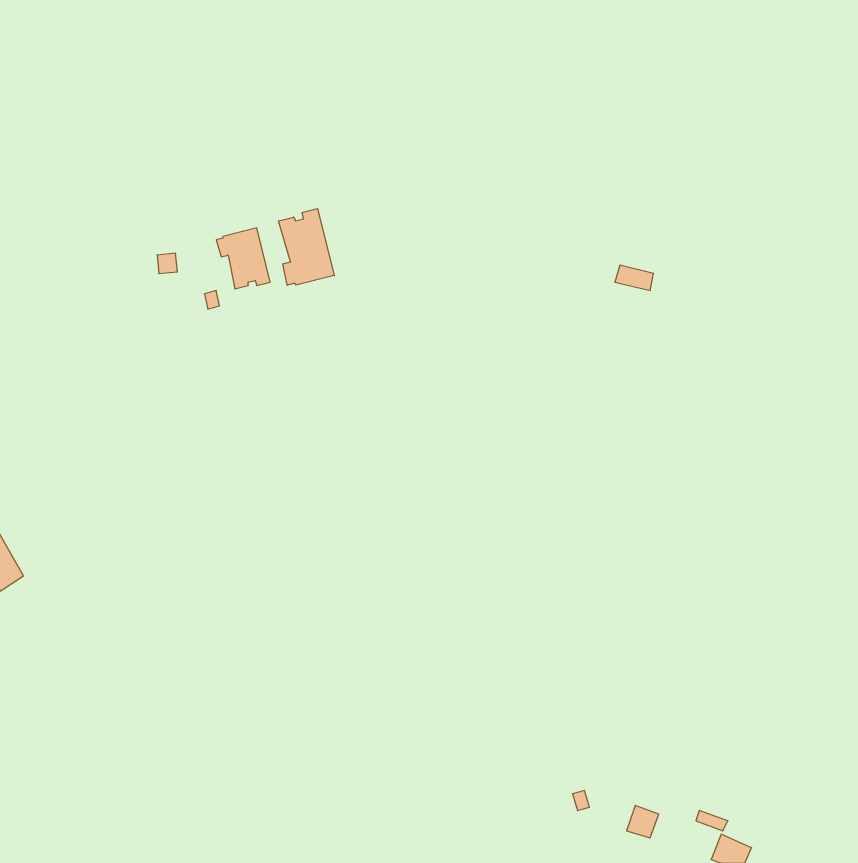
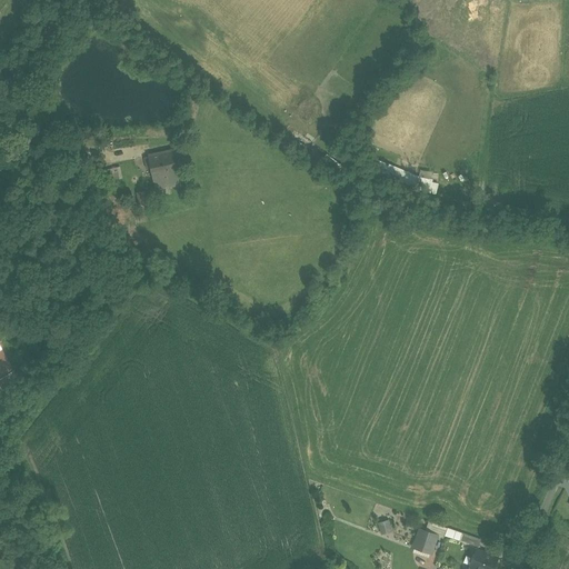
building: [278,209,334,285] -> none

